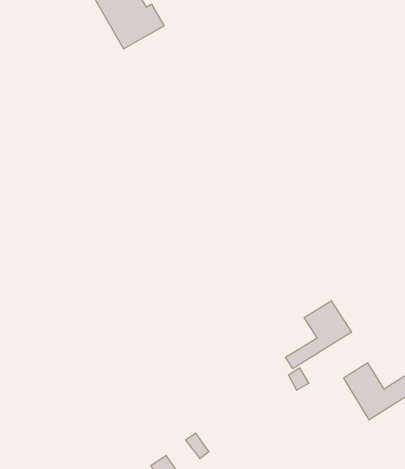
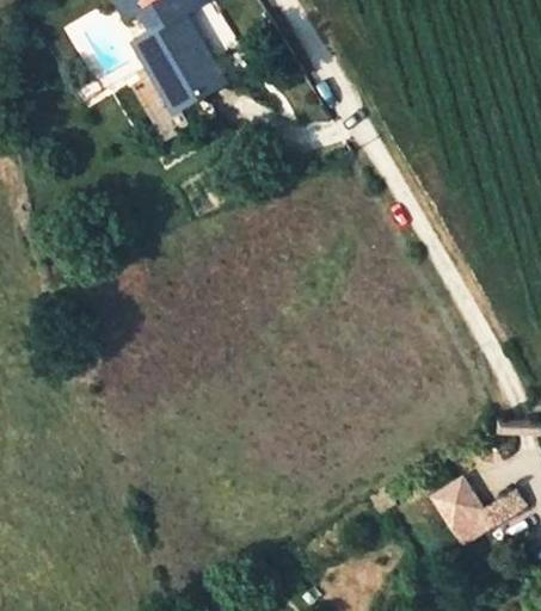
building: [285,301,352,369] -> none

